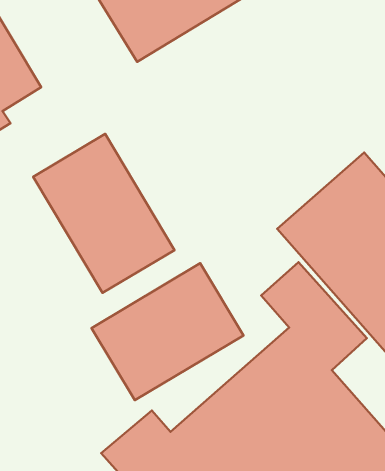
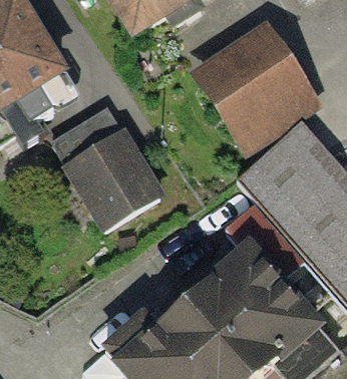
building: none -> [203,34,310,138]
building: [92,263,243,400] -> none

